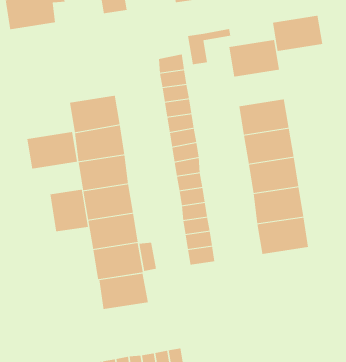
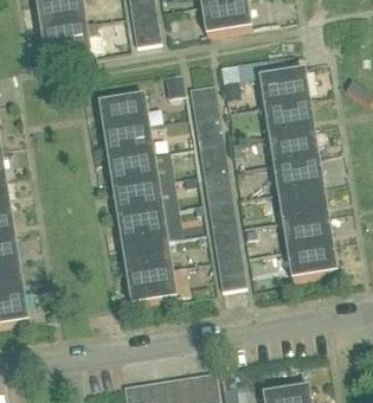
building: [272,15,323,52] -> [263,97,313,133]
building: [27,131,78,169] -> [98,92,148,129]
building: [50,189,88,232] -> none
building: [99,273,149,310] -> none

